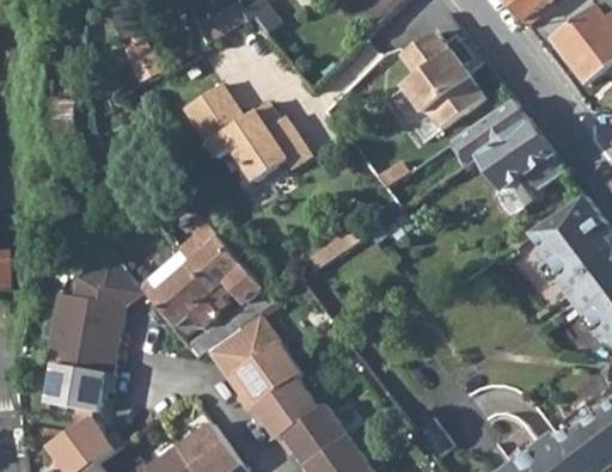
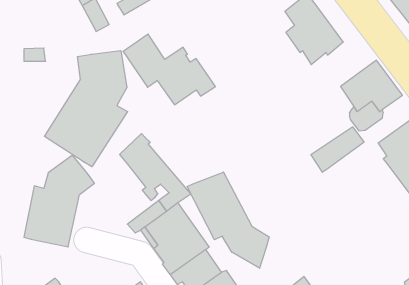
building: [458,100,531,163] -> [311,127,364,172]
building: none -> [45,51,128,167]
building: [153,263,221,332] -> none
building: none -> [187,172,269,268]
building: [47,366,112,415] -> none

